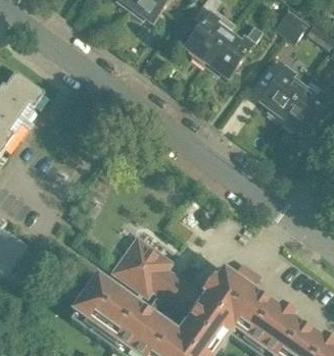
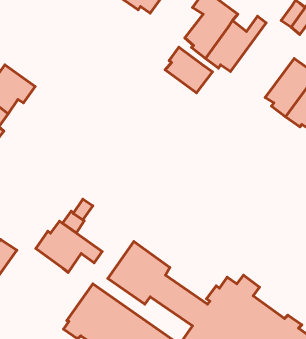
building: none -> [165,47,213,93]
building: none -> [36,221,102,272]

